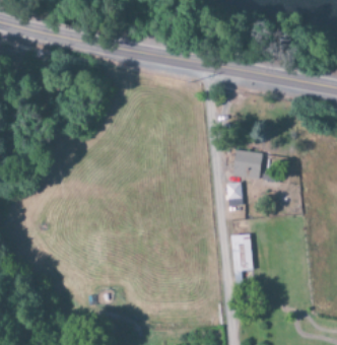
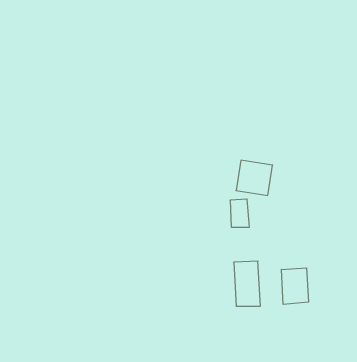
building: none -> [281,268,308,304]

